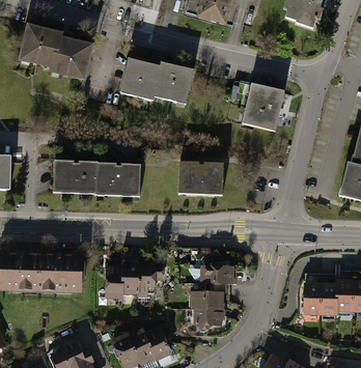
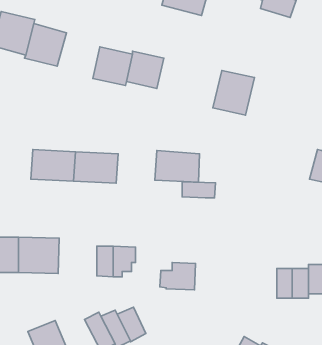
building: [105,261,121,295] -> none
building: [198,262,232,279] -> [182,182,216,198]
building: [192,305,221,322] -> none

